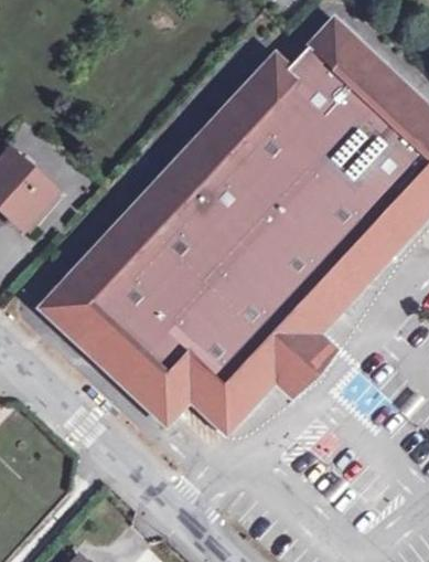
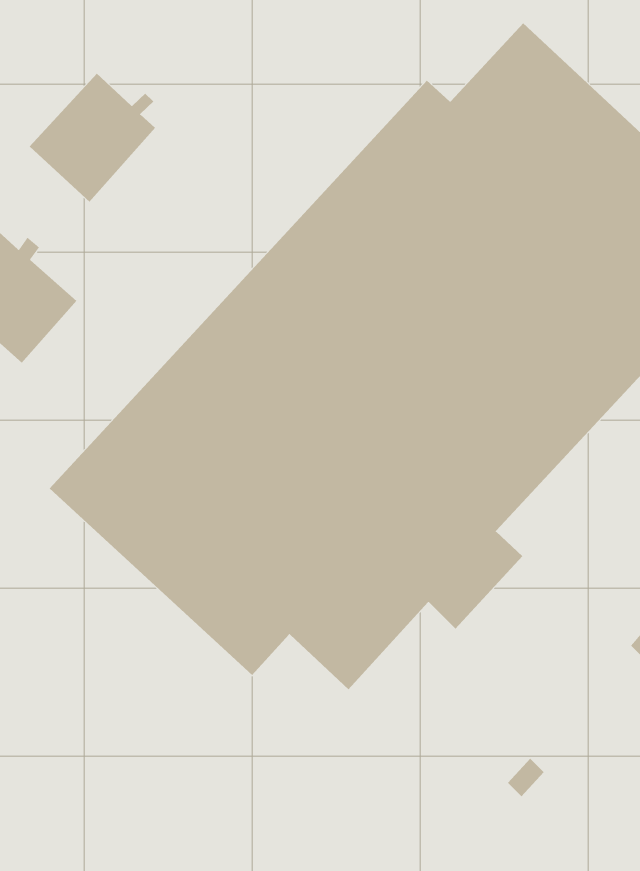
building: none -> [29,73,156,203]

